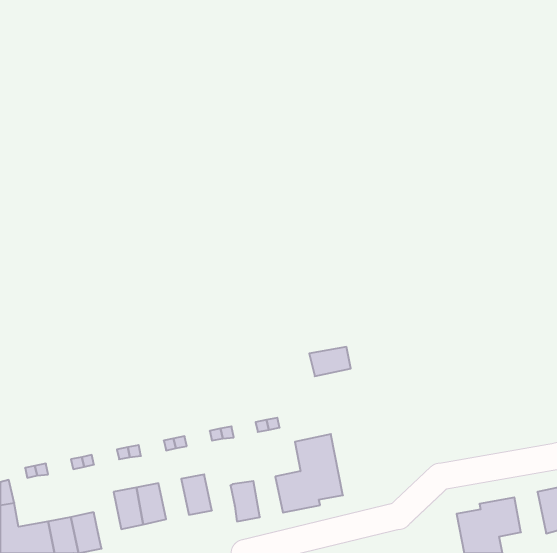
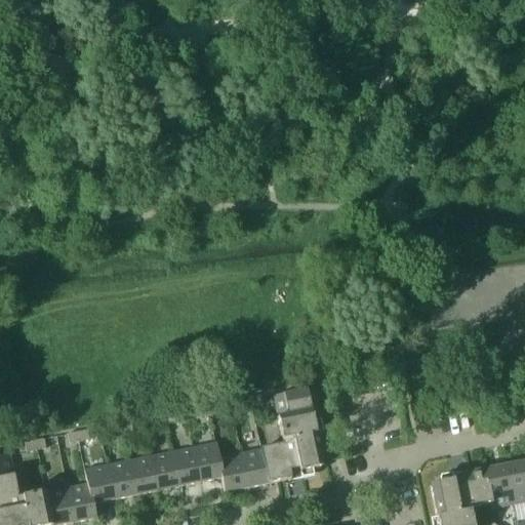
building: [309,347,351,376] -> [273,388,312,415]
building: none -> [193,441,221,480]
building: none -> [239,448,267,486]
building: none -> [150,450,178,488]
building: none -> [84,462,115,501]
building: none -> [484,462,514,506]

